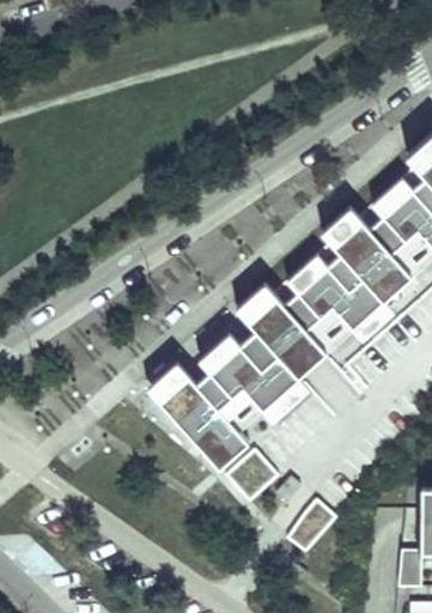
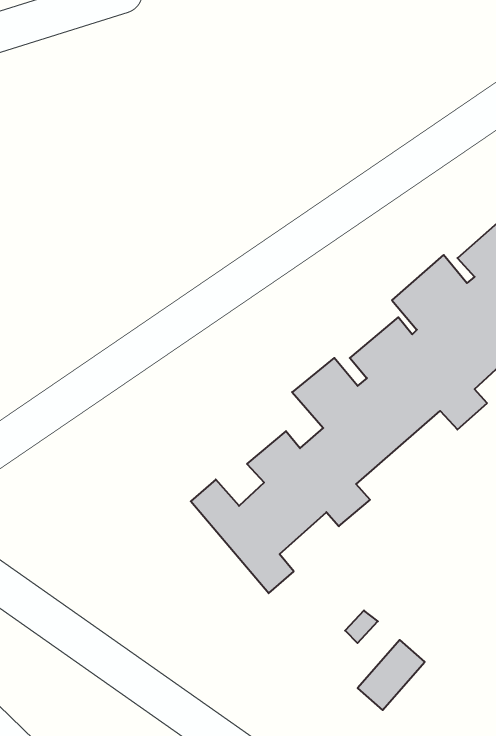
building: [227,451,281,504] -> none

